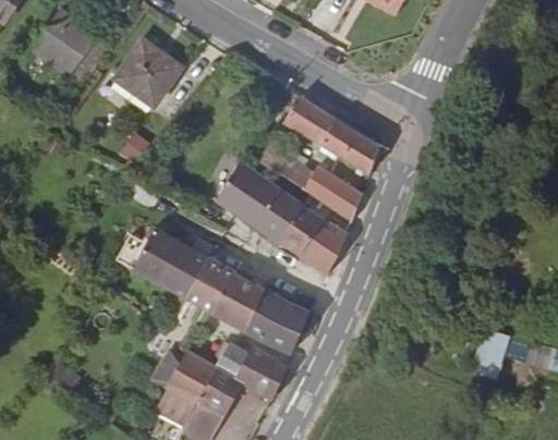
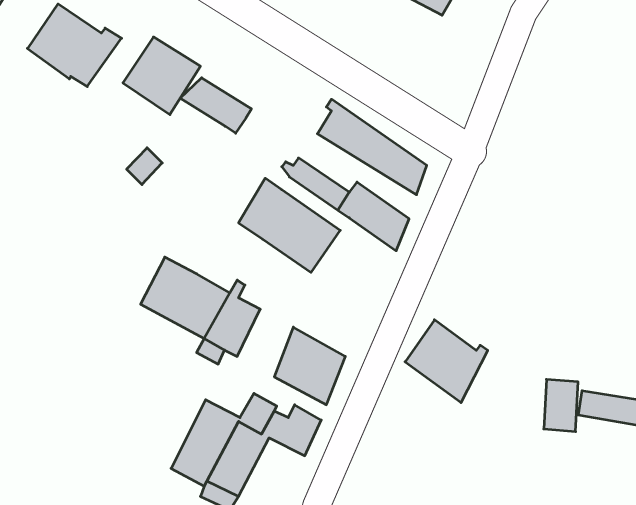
building: none -> [180,78,251,133]
building: [278,204,349,274] -> [405,320,488,403]
building: [215,271,263,329] -> none

